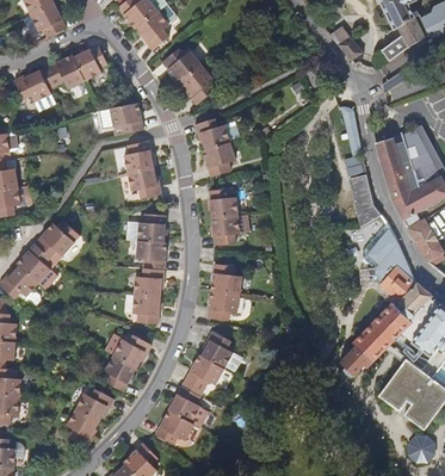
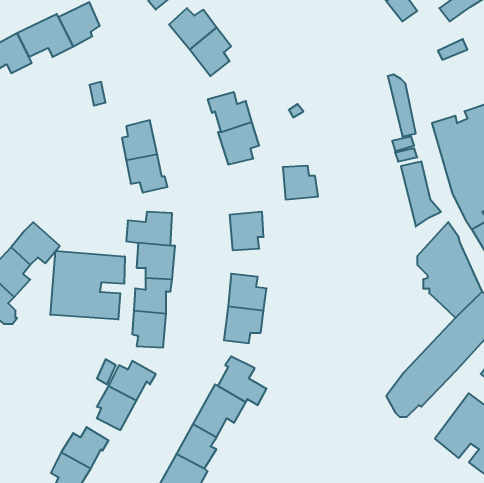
building: [110,101,143,132] -> none
building: [209,188,237,216] -> [283,166,318,200]
building: none -> [50,251,125,320]

